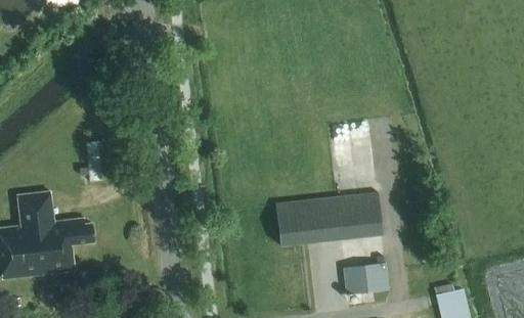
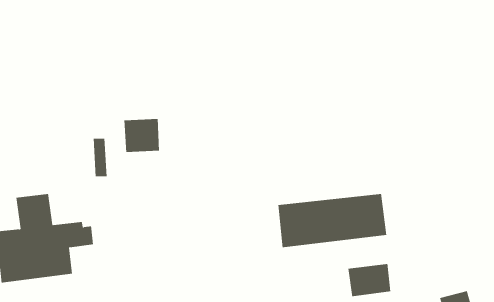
building: none -> [124,118,159,153]

